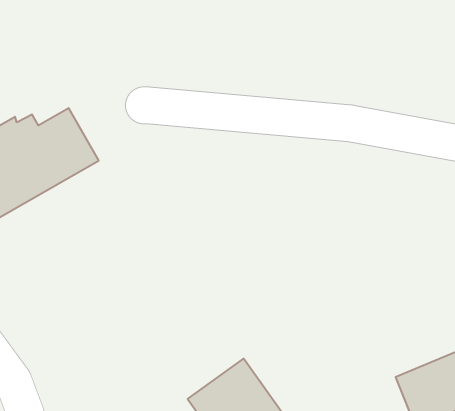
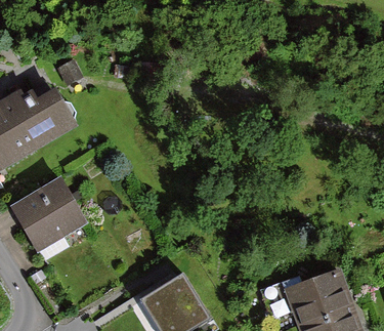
building: none -> [13,175,89,247]

